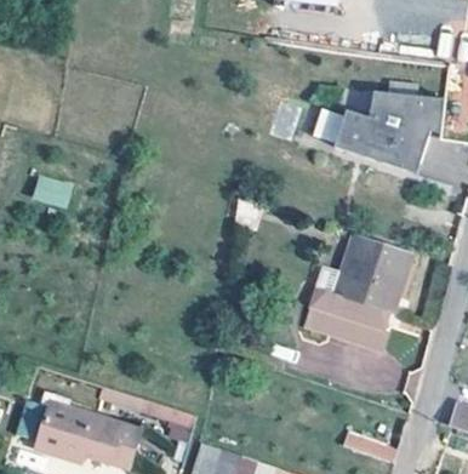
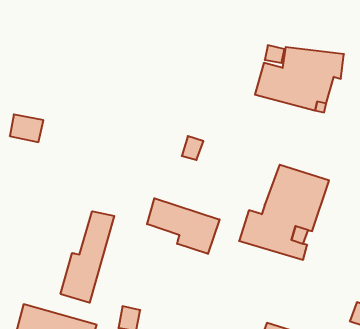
building: none -> [147,198,220,254]
building: none -> [61,211,114,303]

